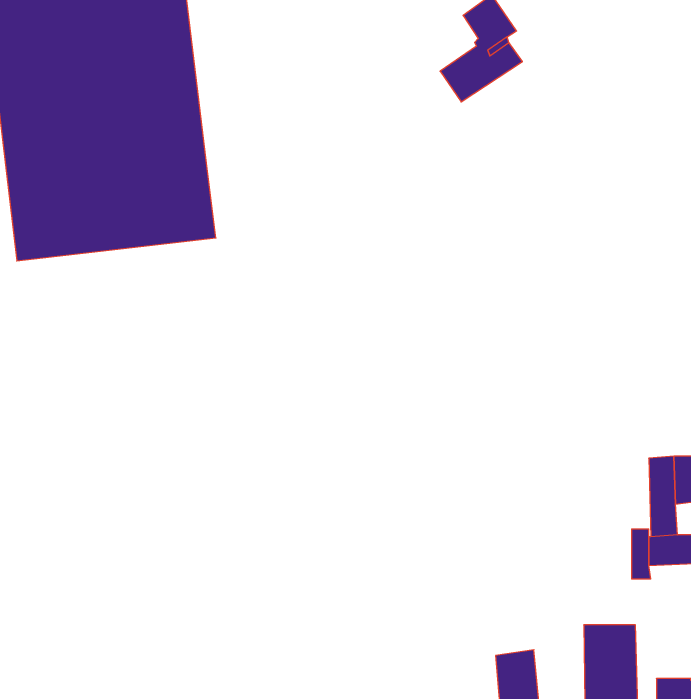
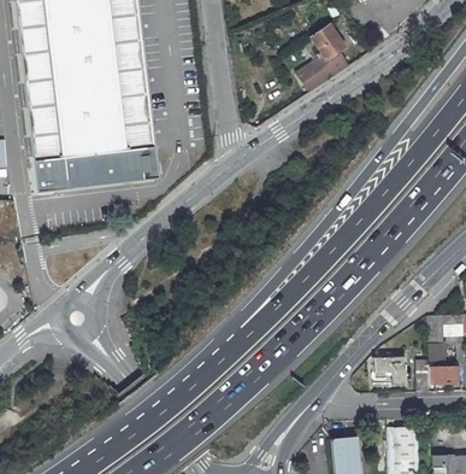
building: none -> [374,357,406,384]

